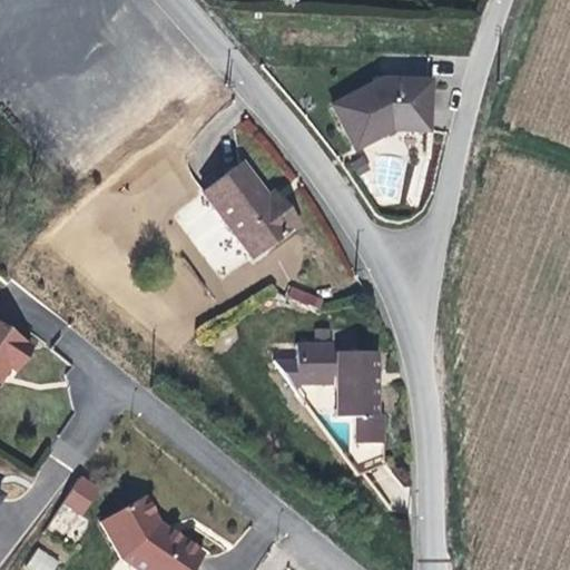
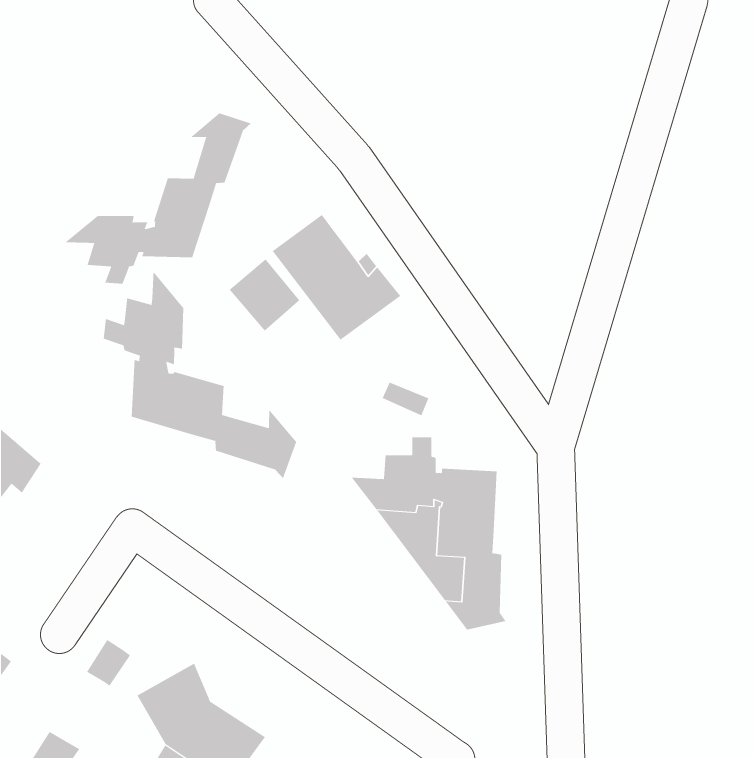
building: [335,76,429,144] -> none
building: none -> [64,112,252,285]
building: none -> [103,271,297,479]

